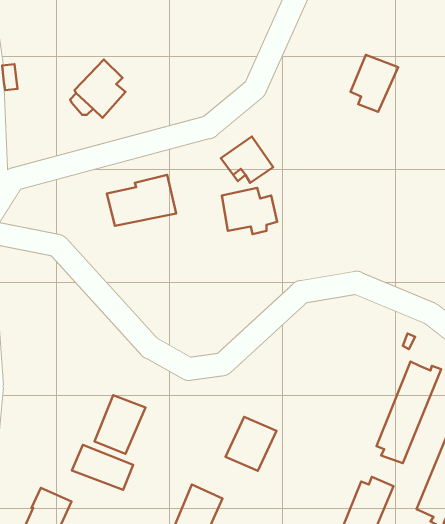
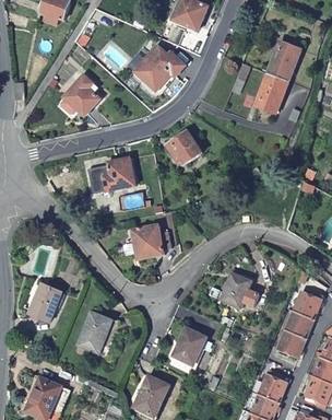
building: none -> [269,42,305,80]
building: none -> [133,44,185,90]
building: [222,188,277,234] -> [131,224,170,257]
building: none -> [218,272,258,307]
building: none -> [31,284,64,322]
building: [72,445,133,490] -> none

